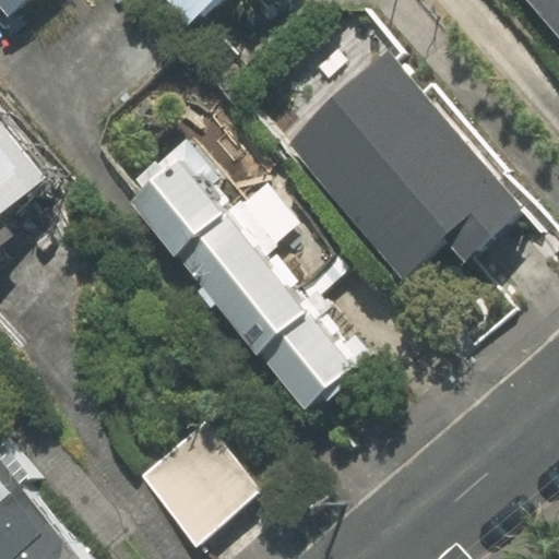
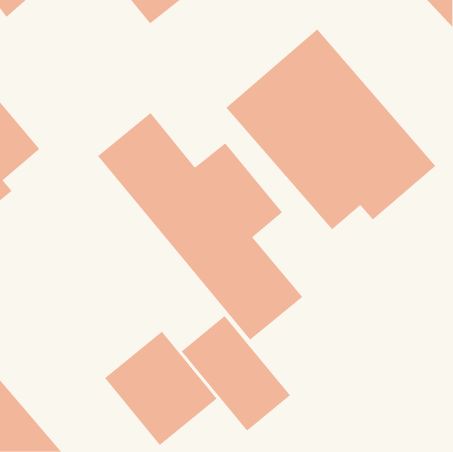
building: none -> [181,315,291,432]

